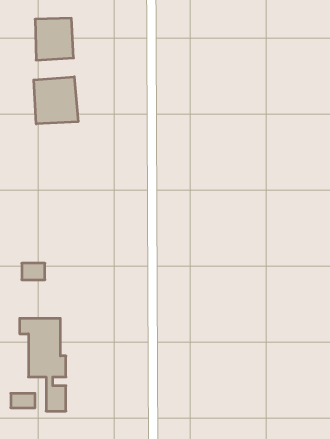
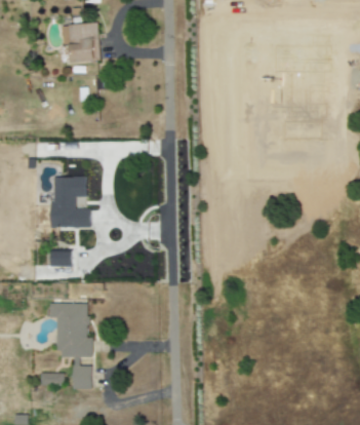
building: [34,77,78,124] -> none
building: none -> [52,177,91,228]

